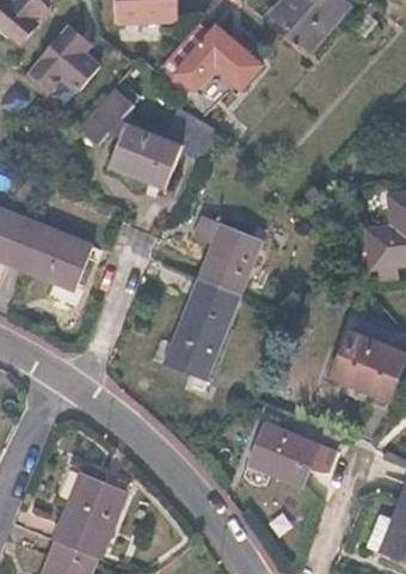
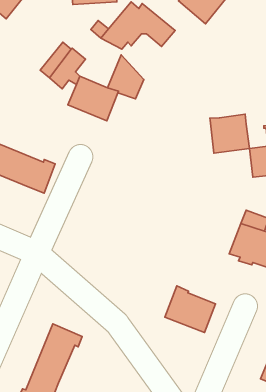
building: [27,22,98,93] -> none
building: none -> [210,114,249,153]
building: [165,224,264,383] -> none

